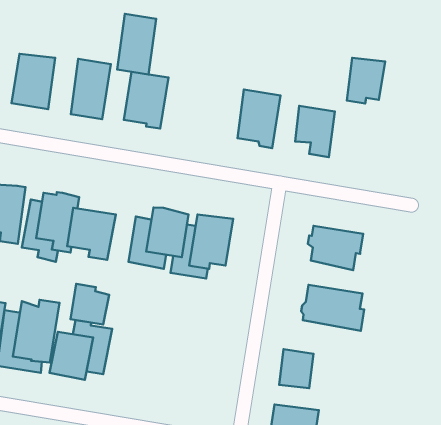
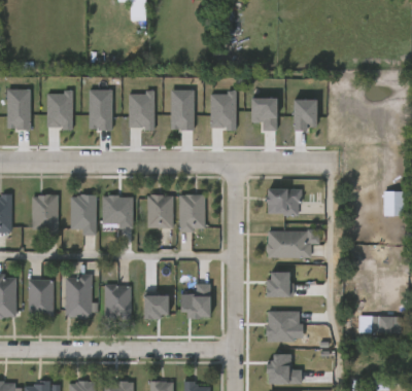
building: [117,14,156,74] -> [169,91,193,131]
building: [347,58,385,104] -> [291,100,315,132]
building: [70,284,109,325] -> [143,292,168,318]
building: none -> [179,284,209,318]

